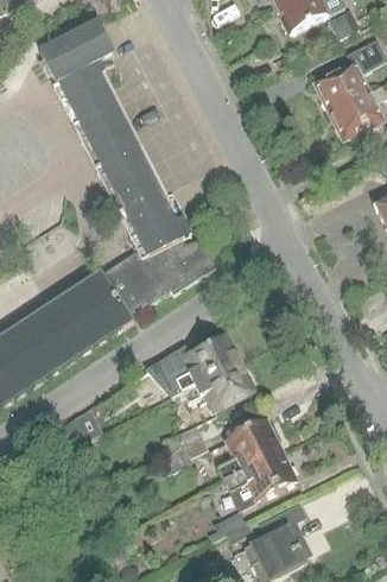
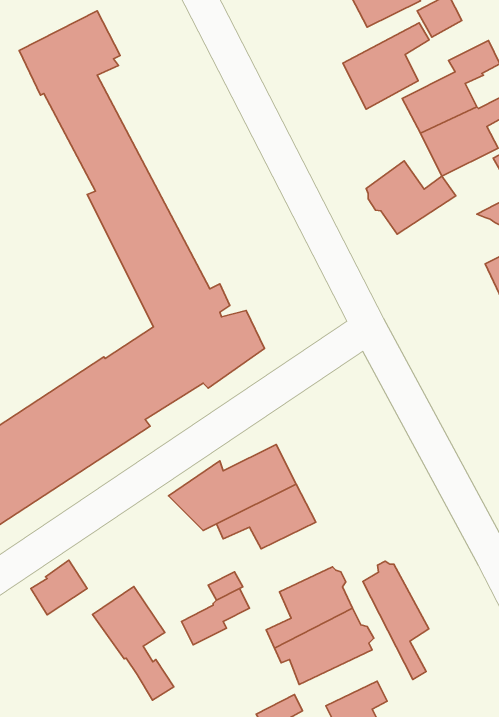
building: none -> [343,23,429,109]
building: none -> [366,161,456,234]
building: none -> [363,561,429,679]
building: none -> [92,587,174,700]

